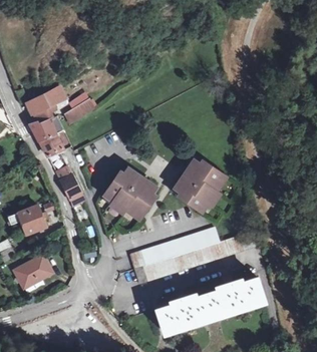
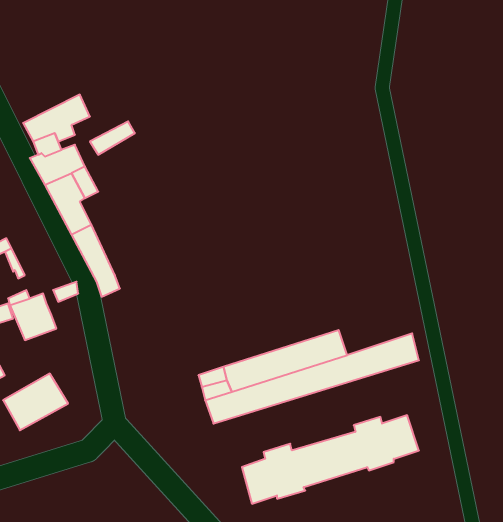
building: [176,161,225,212] -> none
building: [107,167,157,217] -> none

